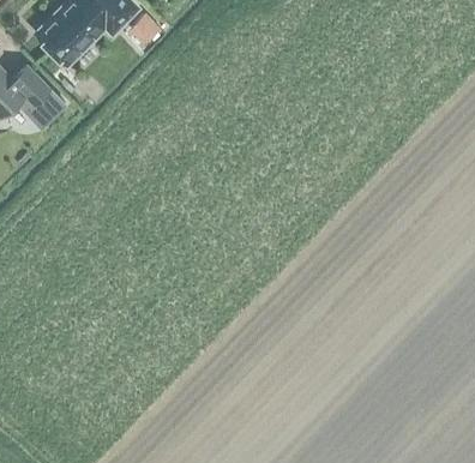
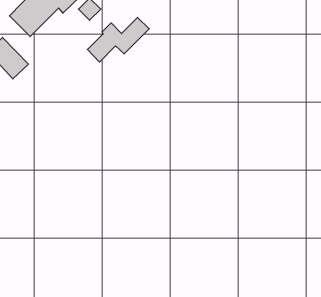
building: none -> [87,17,149,62]

